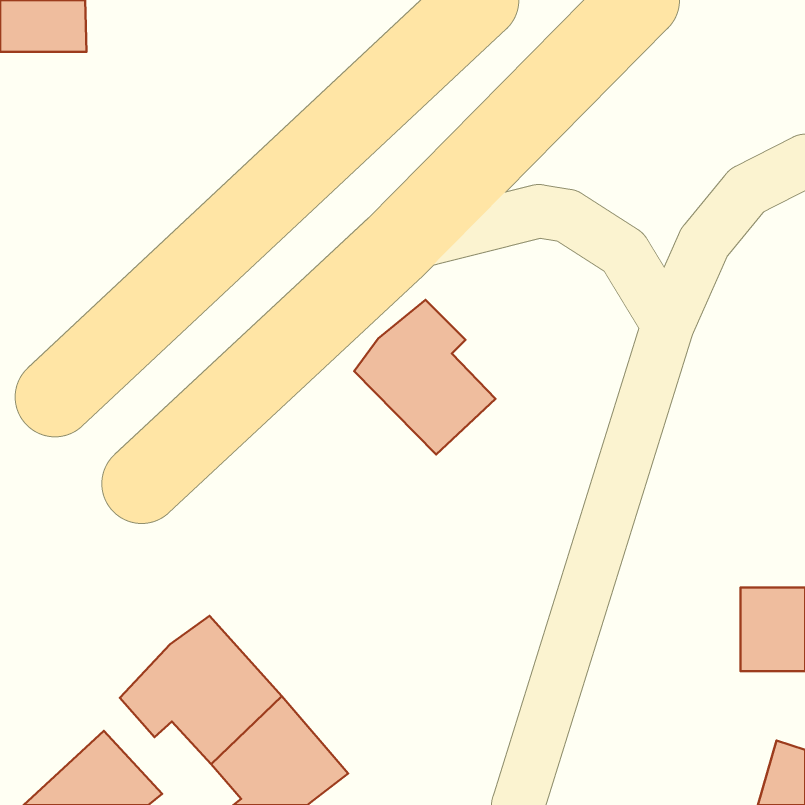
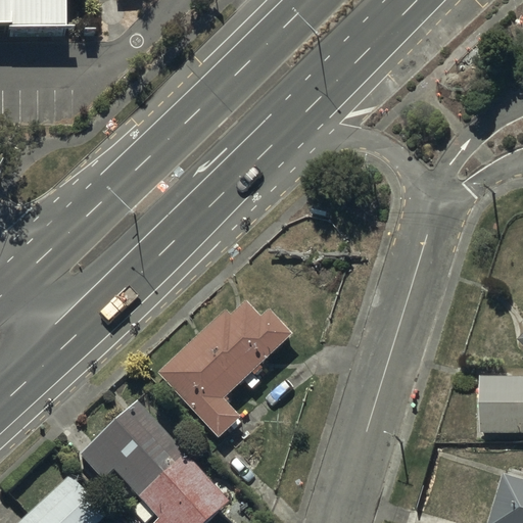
building: [354,300,495,455] -> none
building: none -> [160,297,298,435]

